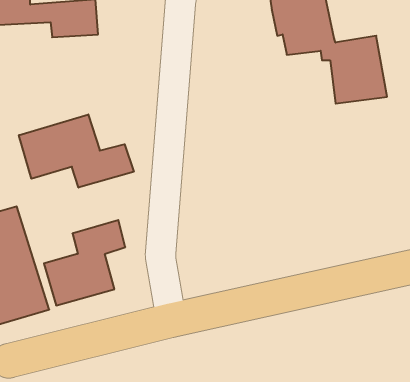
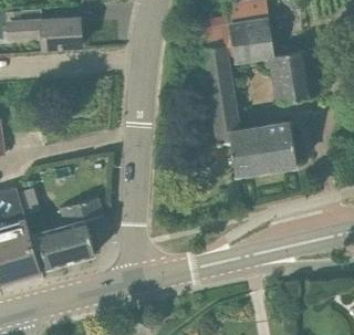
building: none -> [199,27,298,174]
building: [19,114,134,188] -> none

